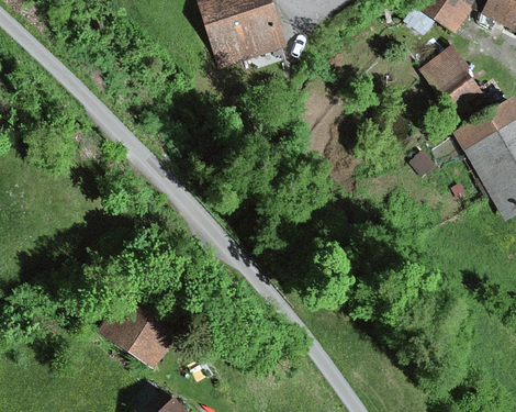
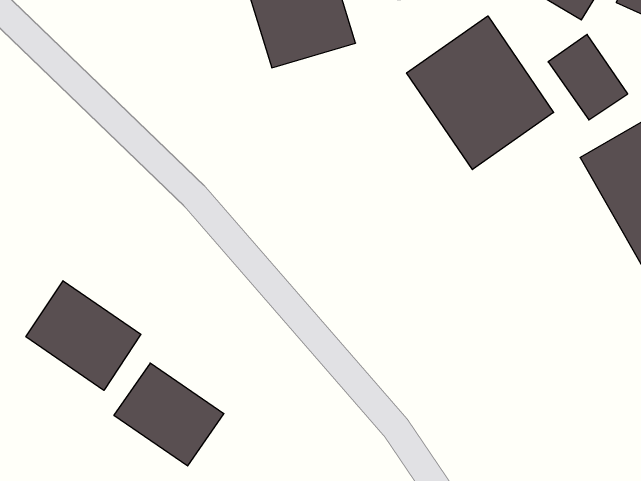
building: none -> [407,16,554,170]
building: none -> [26,281,141,390]

